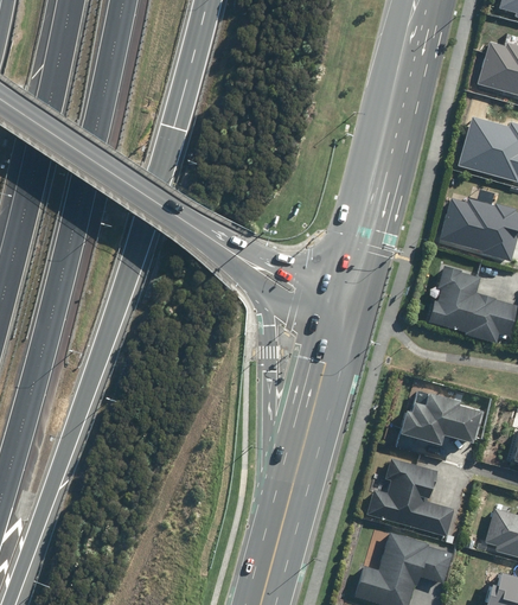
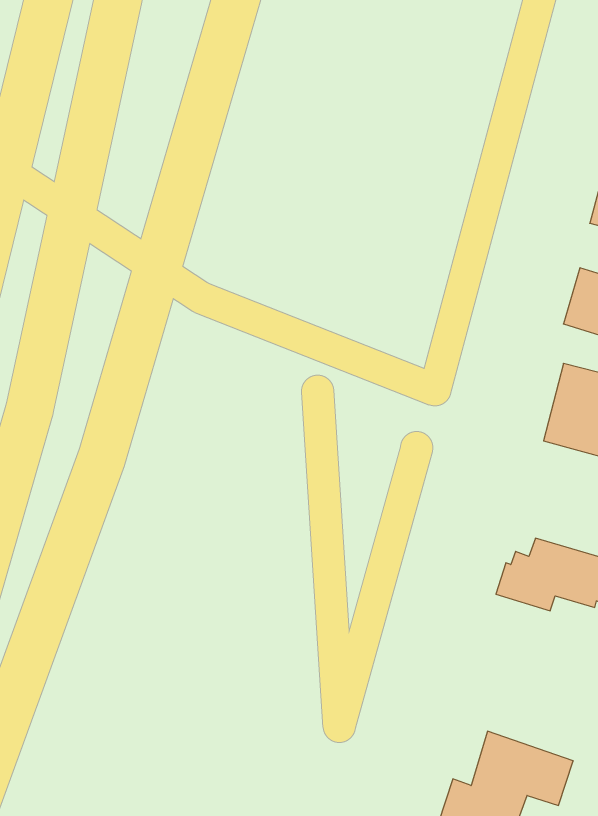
building: [367,458,450,536] -> none

